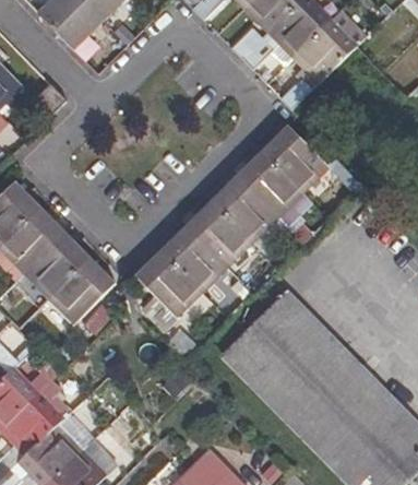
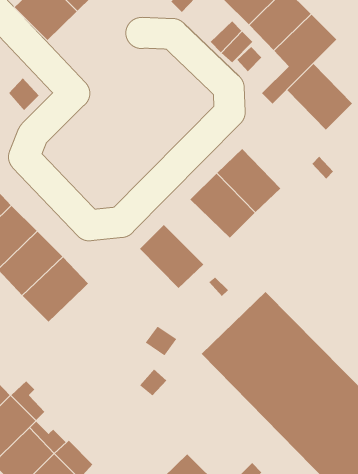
building: [263,125,327,190] -> [287,63,353,130]
building: [187,201,251,264] -> none
building: [136,249,201,314] -> none

